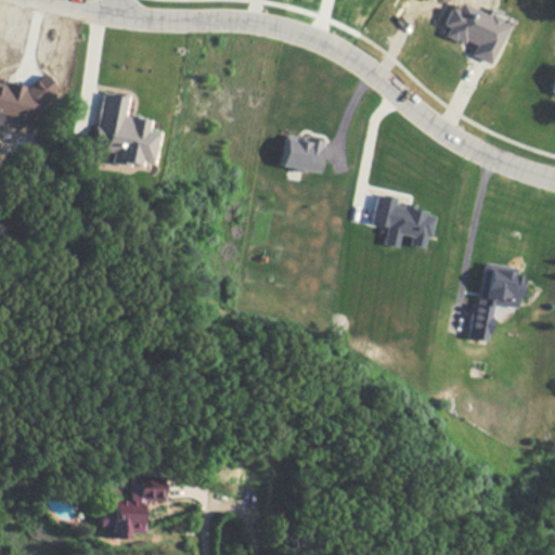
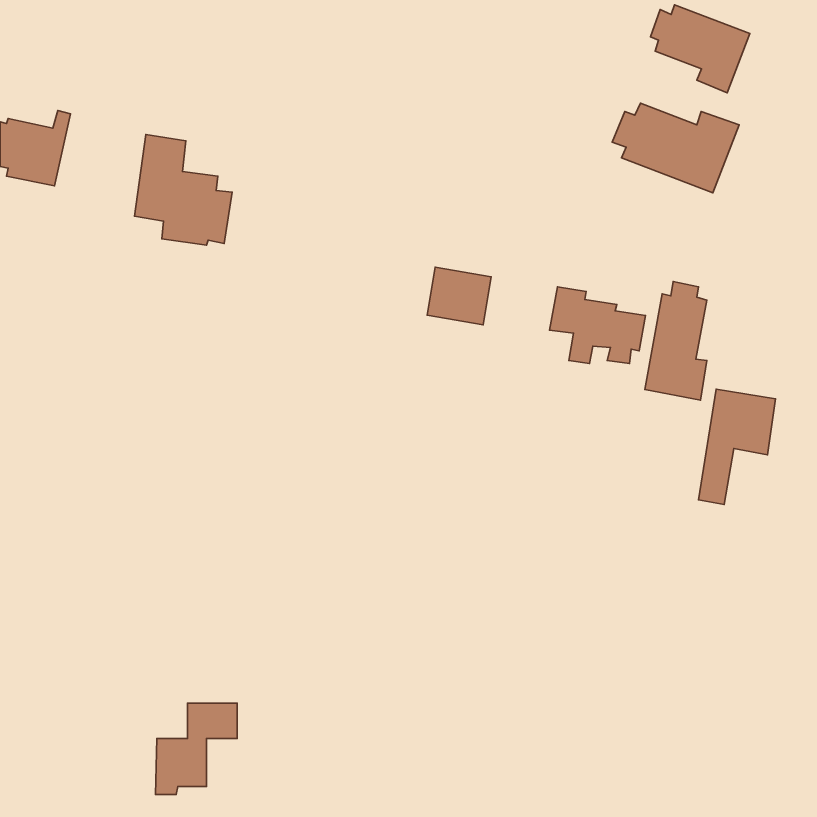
building: none -> [612,103,739,193]
building: [283,134,326,173] -> [427,267,491,325]
building: none -> [645,281,707,400]

